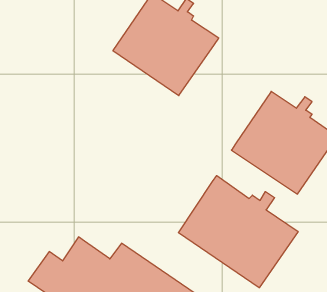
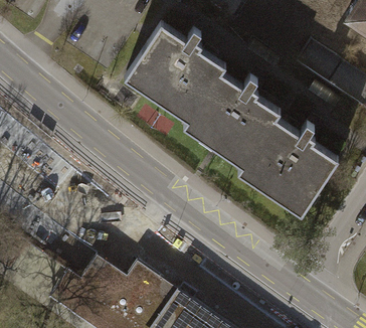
building: none -> [185,71,282,167]
building: [178,176,298,288] -> none

